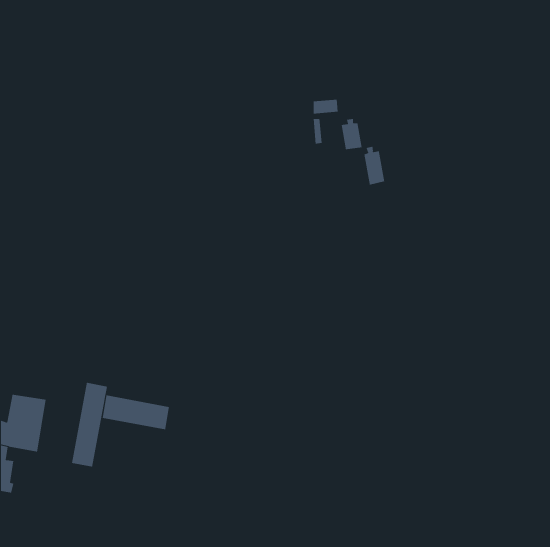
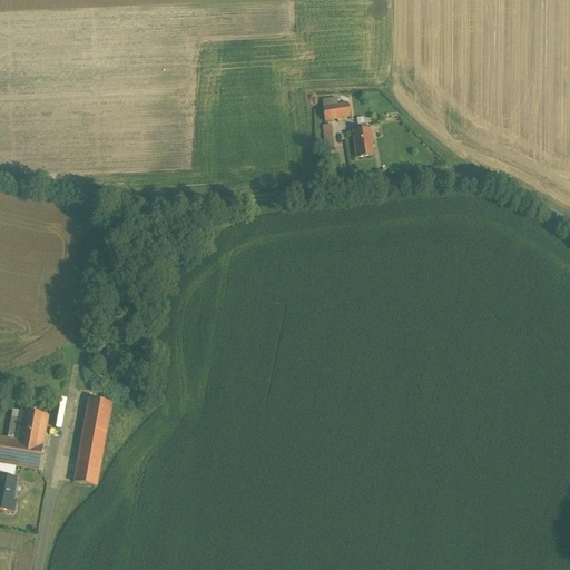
building: [364,146,385,185] -> none
building: [102,395,170,430] -> none

